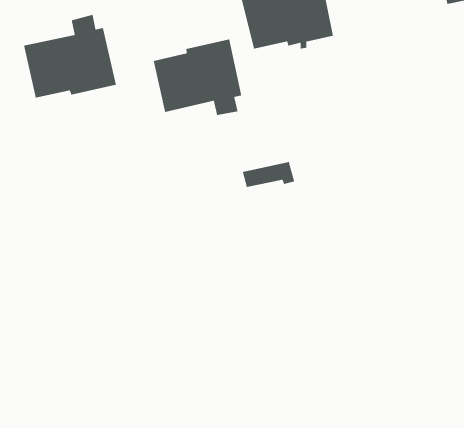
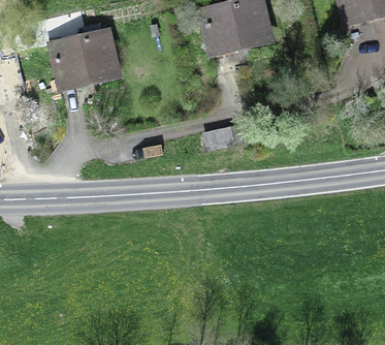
building: [153,39,242,116] -> none

